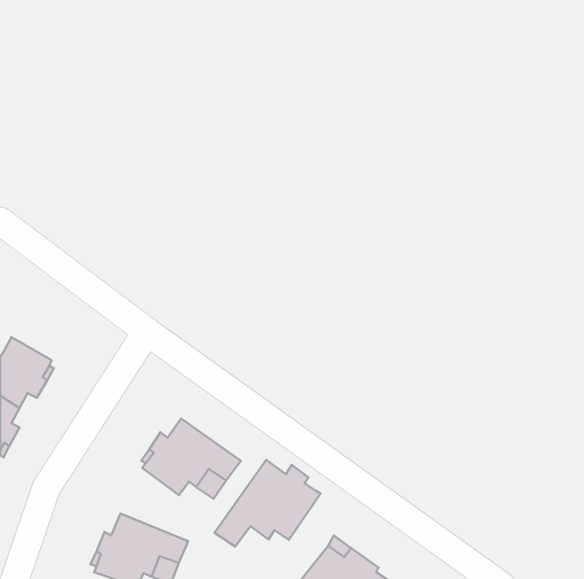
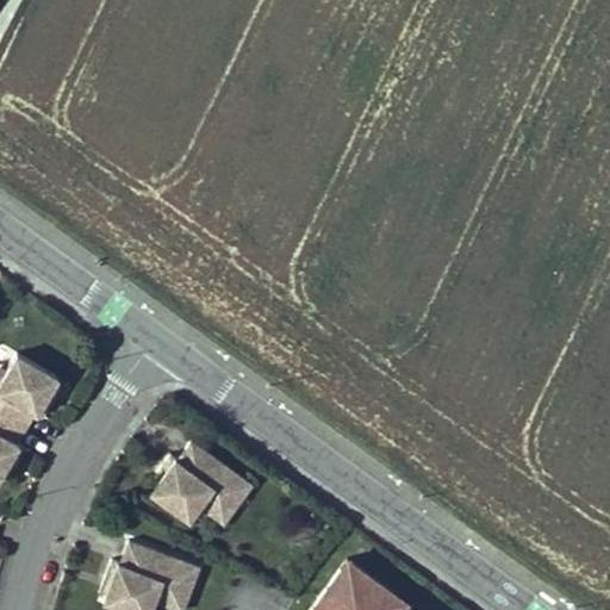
building: [214,460,320,546] -> none

